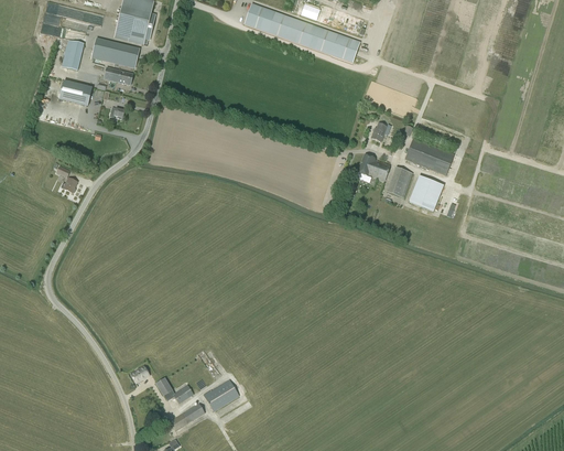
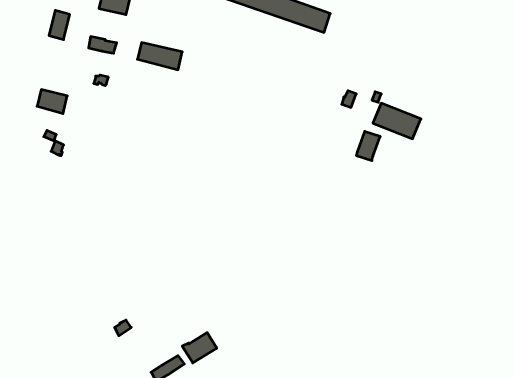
building: [91,39,139,67] -> [137,43,182,70]
building: [59,80,91,106] -> [37,90,67,114]
building: [356,154,390,183] -> none
building: [409,175,444,211] -> none
building: [155,377,194,404] -> none

